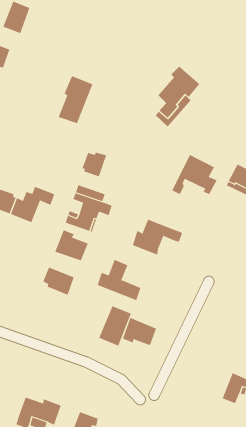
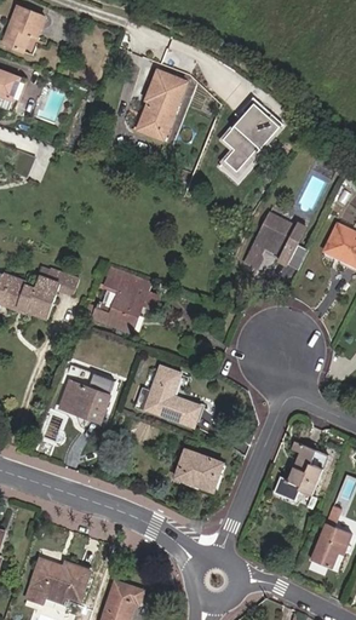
building: [58,75,93,124] -> [138,71,188,139]
building: [82,152,107,177] -> none
building: [132,219,183,255] -> none
building: [54,230,89,261] -> none
building: [98,306,131,346] -> none
building: none -> [271,444,326,504]

